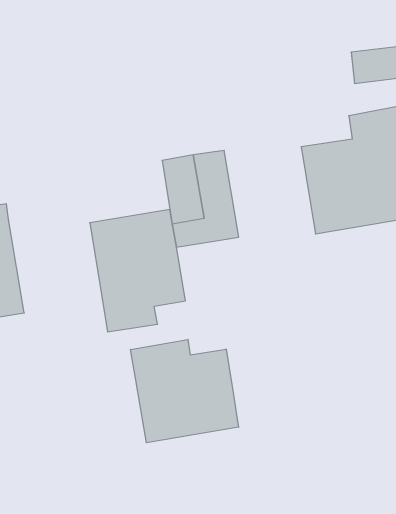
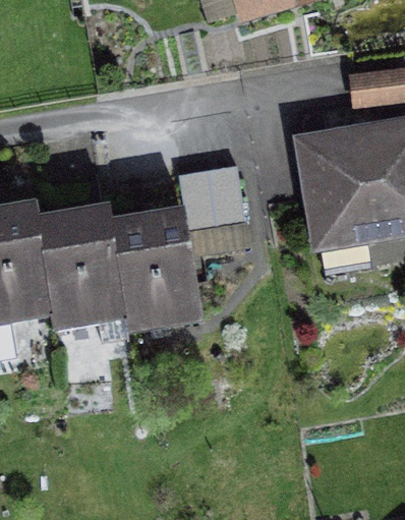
building: none -> [38,205,123,327]
building: [131,339,239,443] -> none

